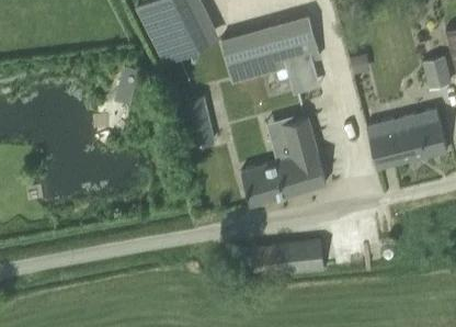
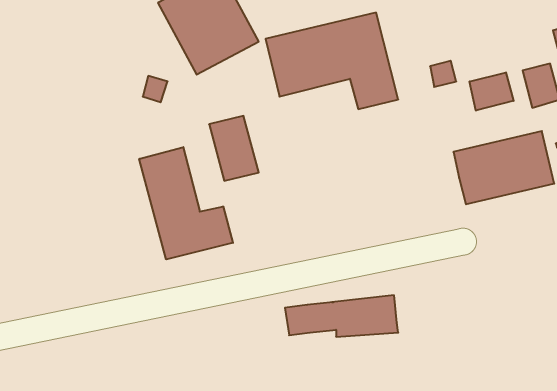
building: none -> [470,72,514,111]
building: [240,115,324,204] -> none
building: none -> [139,147,233,259]

